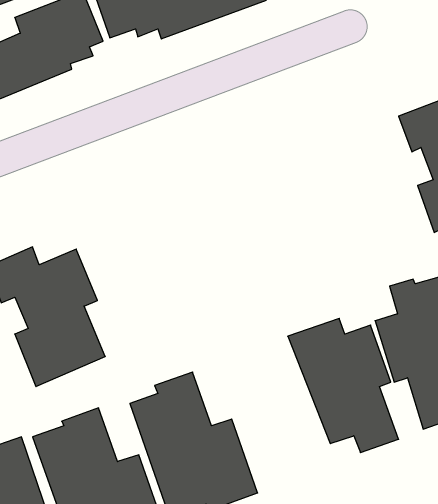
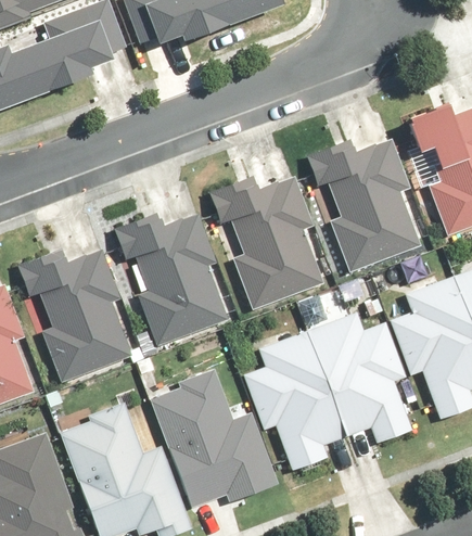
building: none -> [308,137,422,270]
building: none -> [208,176,322,305]
building: none -> [105,209,229,347]
building: none -> [244,332,348,472]

